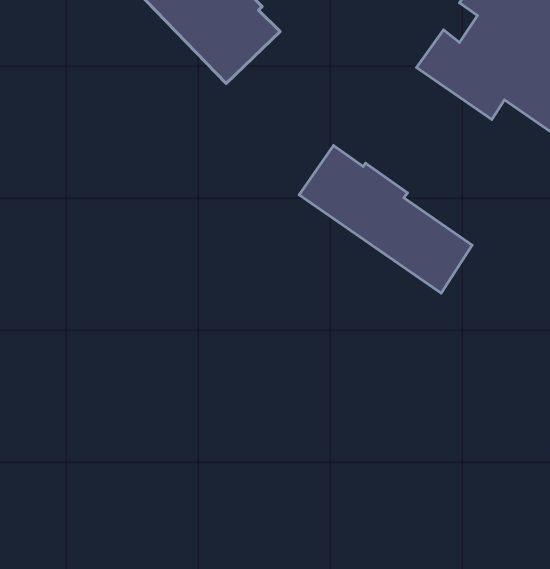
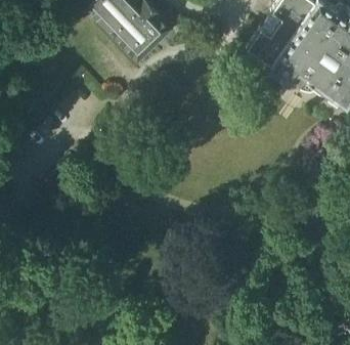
building: [299,145,472,293] -> none

